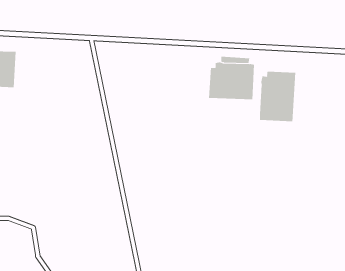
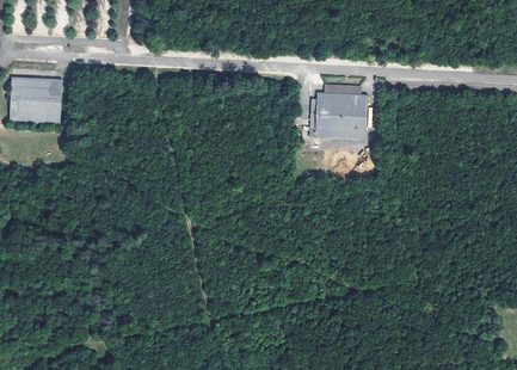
building: [259,71,296,122] -> none

